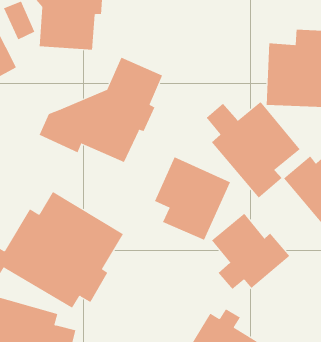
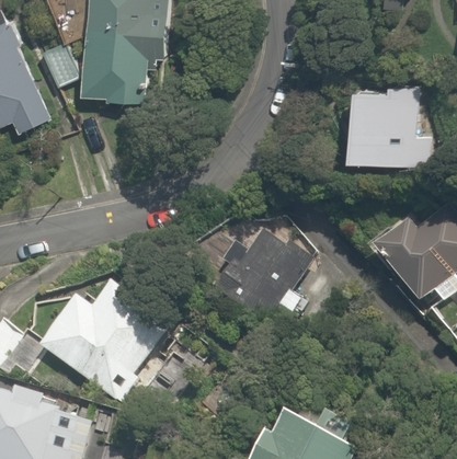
building: [39,57,163,163] -> none
building: [206,101,301,199] -> none
building: [211,213,290,290] -> none

